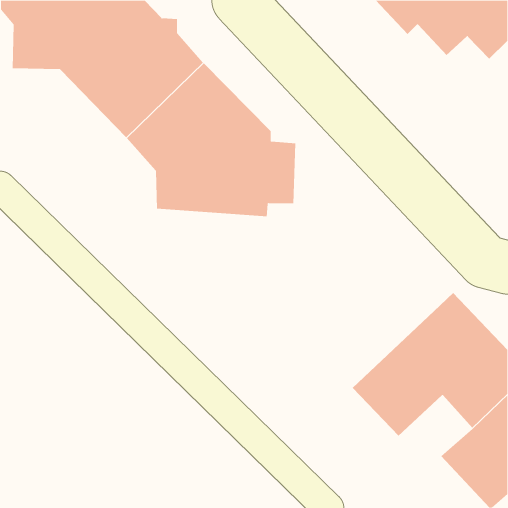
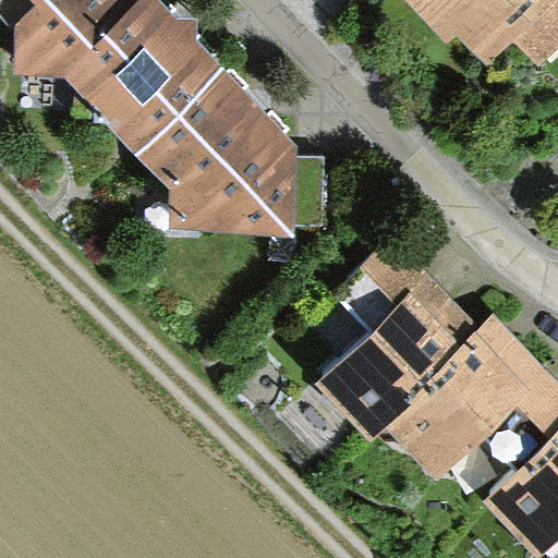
building: none -> [315,241,482,439]

